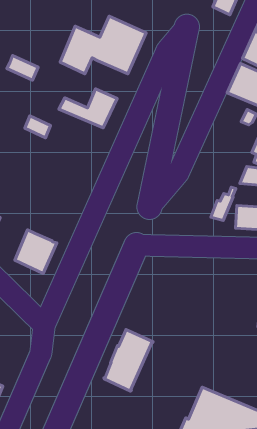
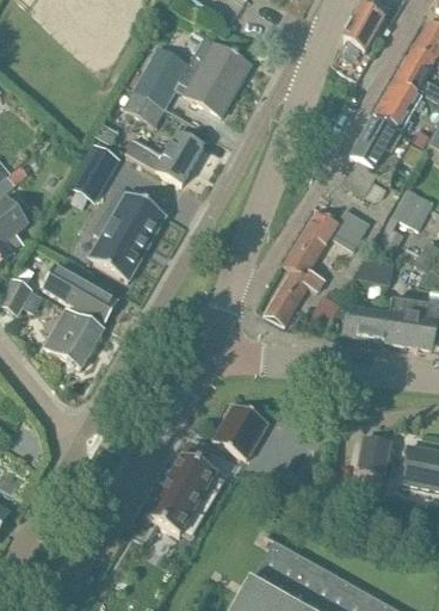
building: [7,55,38,80] -> [122,91,163,126]
building: none -> [264,208,370,323]
building: none -> [88,189,163,279]
building: none -> [43,265,116,326]
building: none -> [210,401,266,458]

